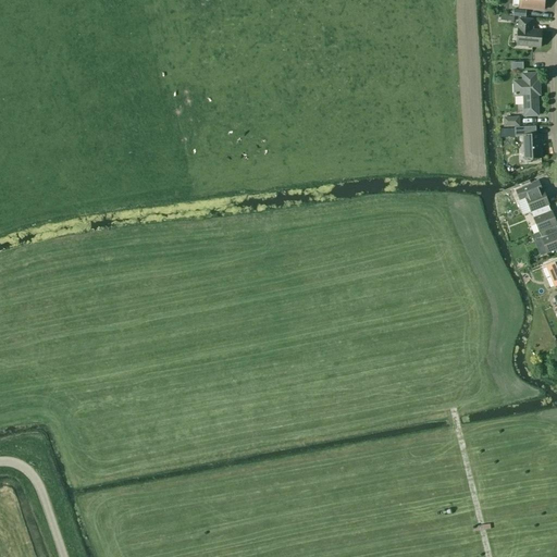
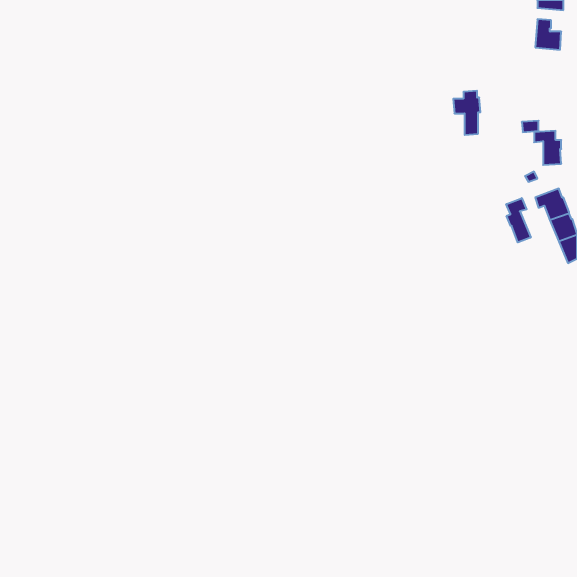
building: [512,74,539,116] -> [453,91,480,135]
building: none -> [506,198,531,242]

